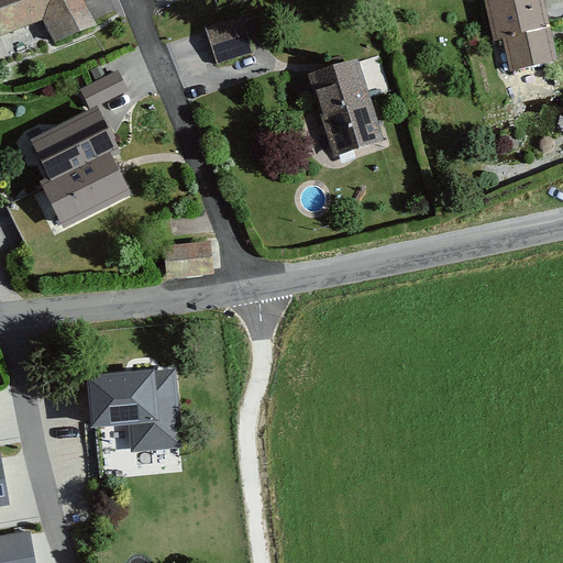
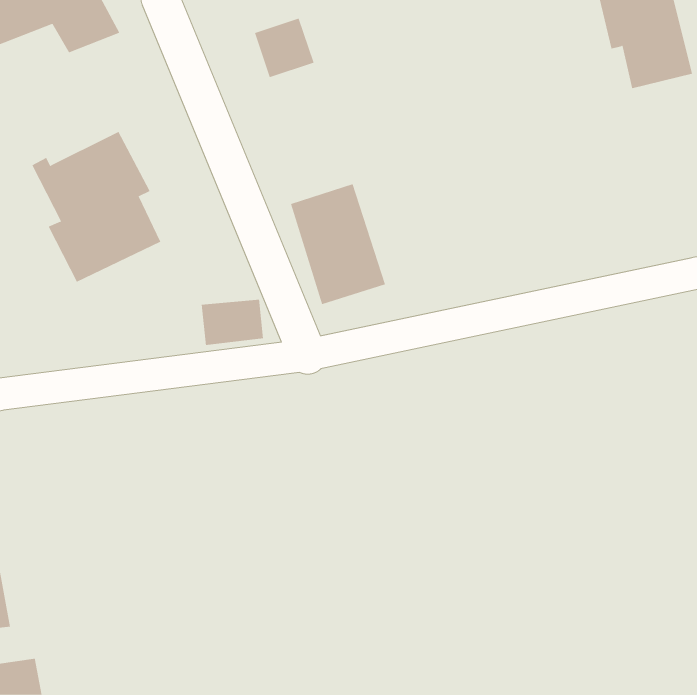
building: [307,58,384,156] -> [290,183,386,305]
building: [79,69,128,109] -> none
building: [86,369,181,451] -> none

